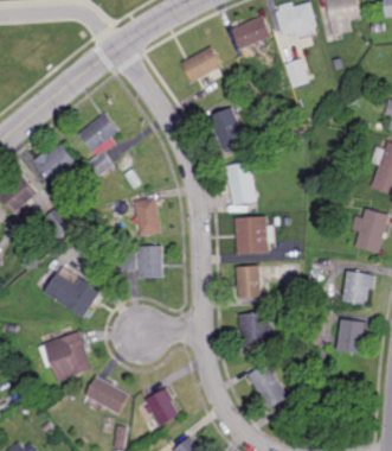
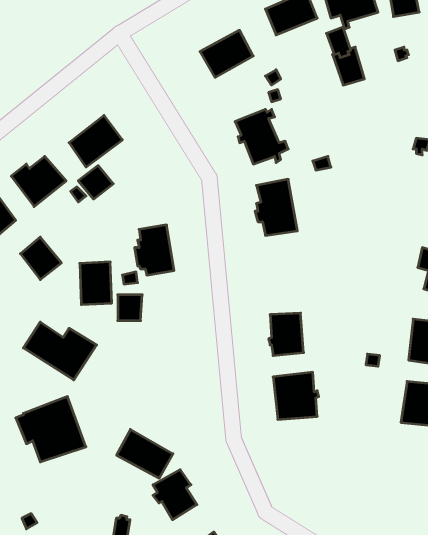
building: [233,216,278,255] -> none
building: [136,246,161,279] -> [80,262,112,305]
building: [248,363,288,409] -> none
building: [84,376,128,414] -> [117,429,173,478]

